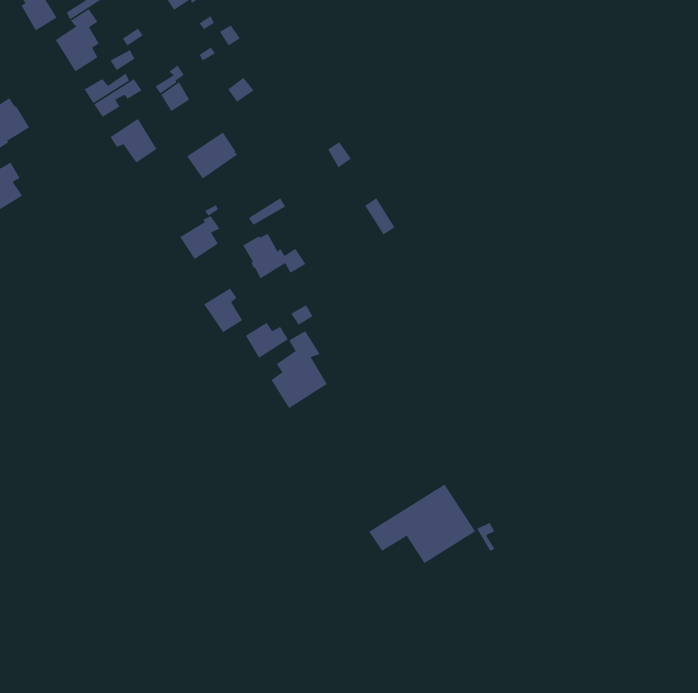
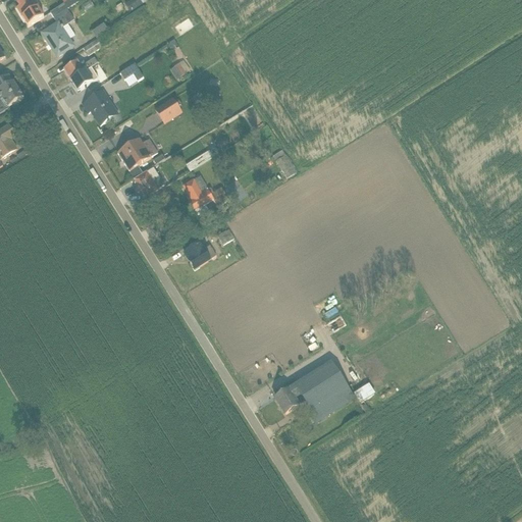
building: none -> [116,136,157,175]
building: [203,287,246,333] -> none
building: [270,330,328,409] -> none

